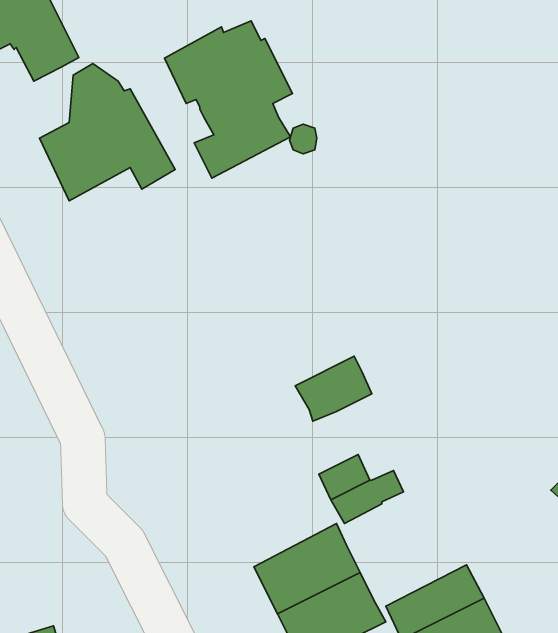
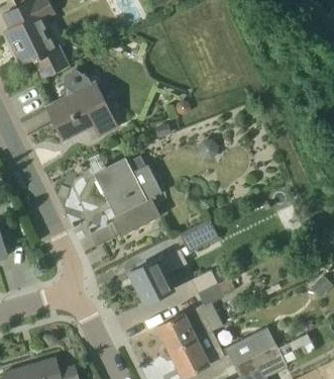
building: [165,21,292,178] -> [95,156,160,236]
building: none -> [128,249,187,303]

